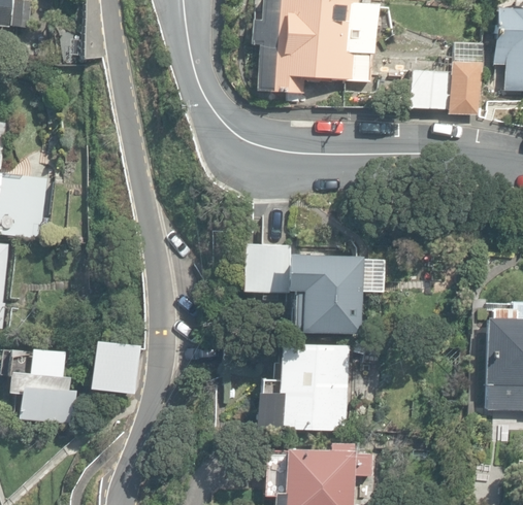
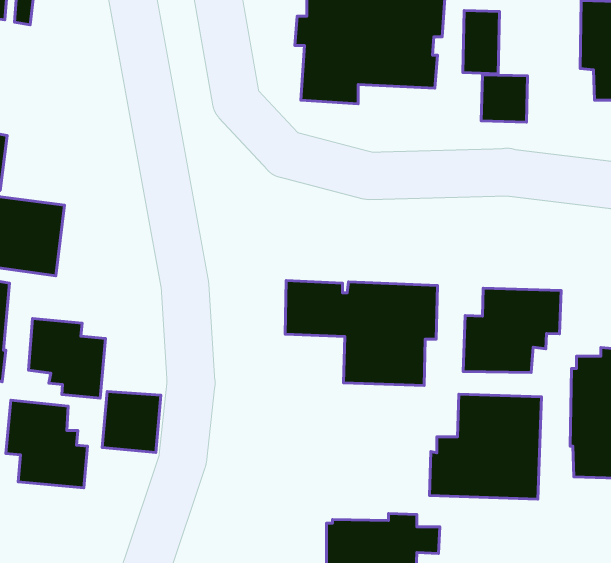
building: [449,63,480,116] -> [463,10,499,74]
building: none -> [463,288,561,373]
building: none -> [28,318,106,398]
building: [254,342,349,431] -> [429,394,542,499]

